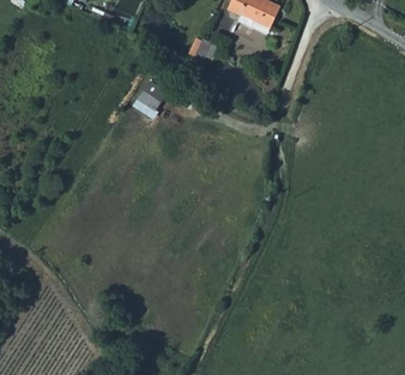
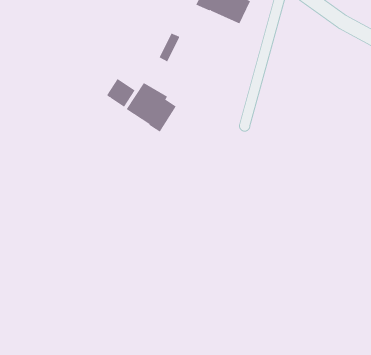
building: none -> [126,82,177,133]

